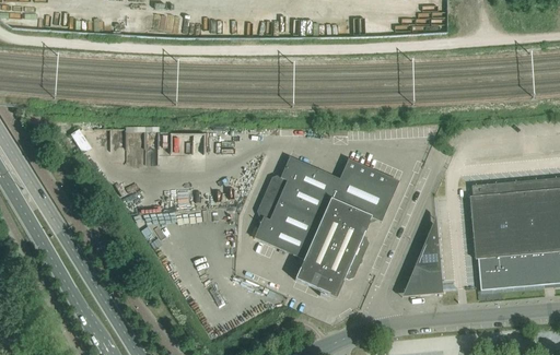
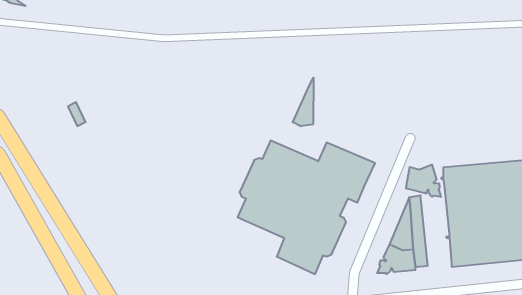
building: none -> [293,78,314,126]
building: none -> [406,165,441,197]

